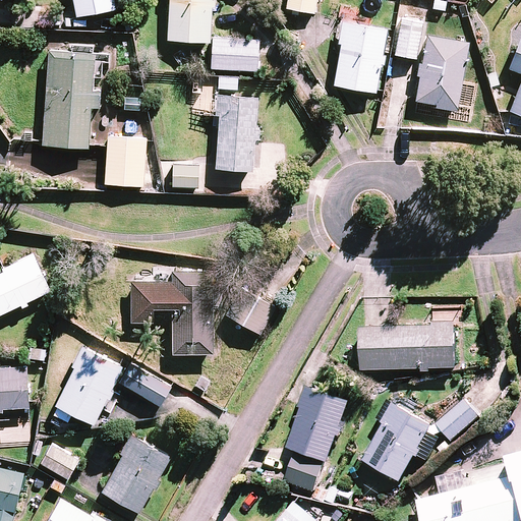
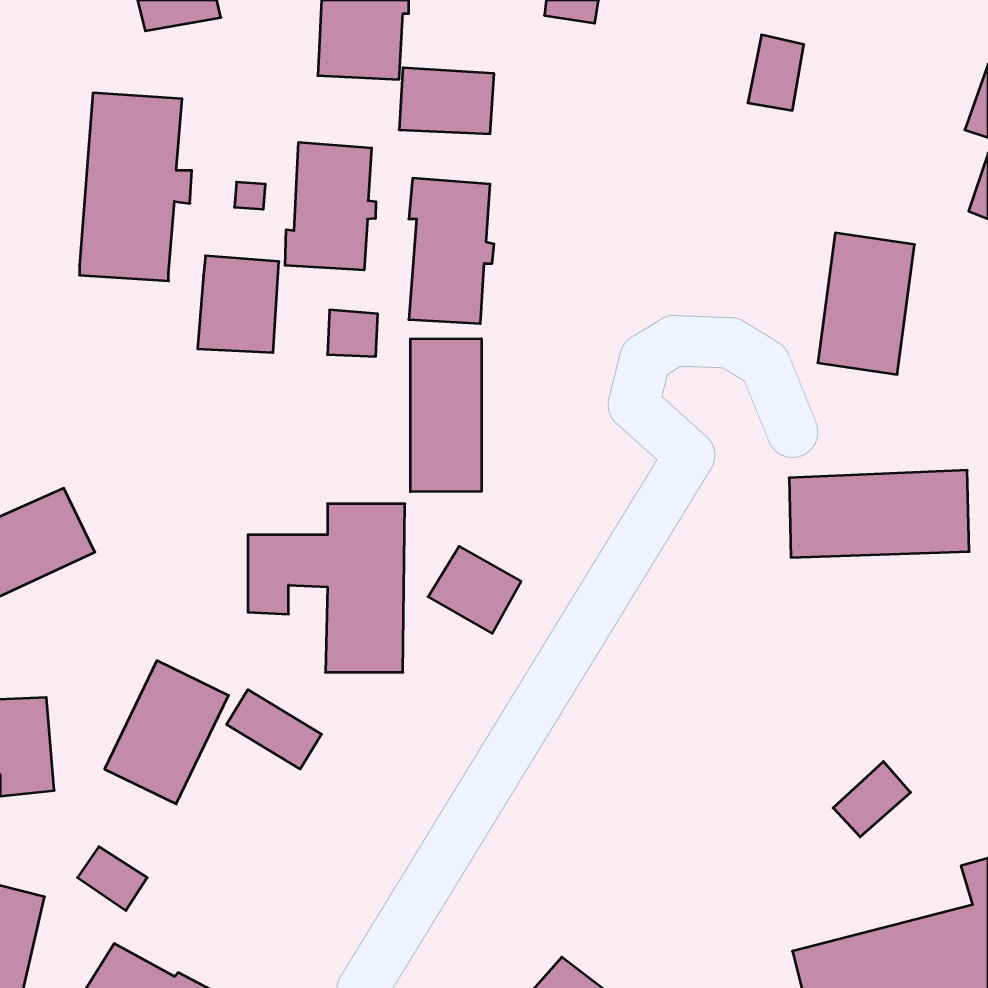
building: [333,22,385,93] -> none
building: [414,37,465,111] -> [818,233,915,374]
building: none -> [285,142,376,270]
building: none -> [410,339,481,492]
building: [361,325,456,370] -> [789,470,969,557]
building: [286,388,348,491] -> none
building: [364,402,433,481] -> none
building: [102,437,169,512] -> none

